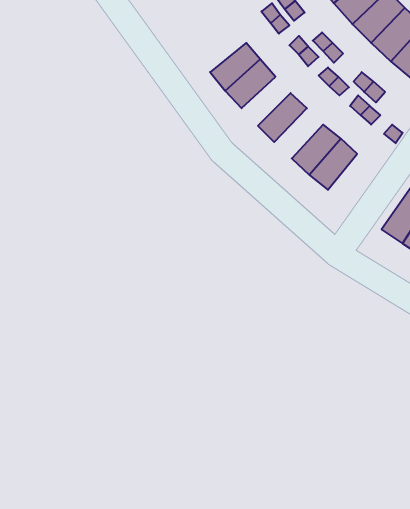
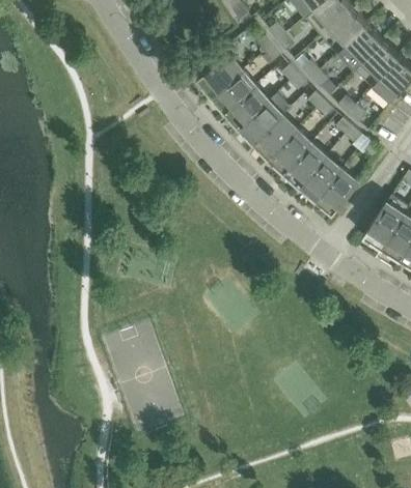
building: none -> [198,54,244,96]
building: none -> [240,93,292,144]
building: none -> [269,128,312,173]
building: none -> [317,169,359,214]

